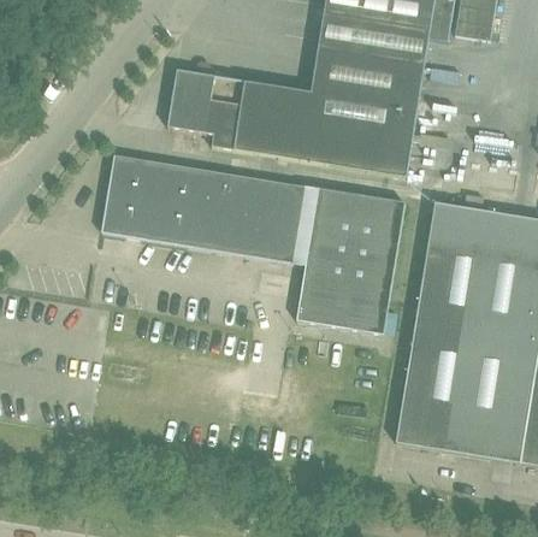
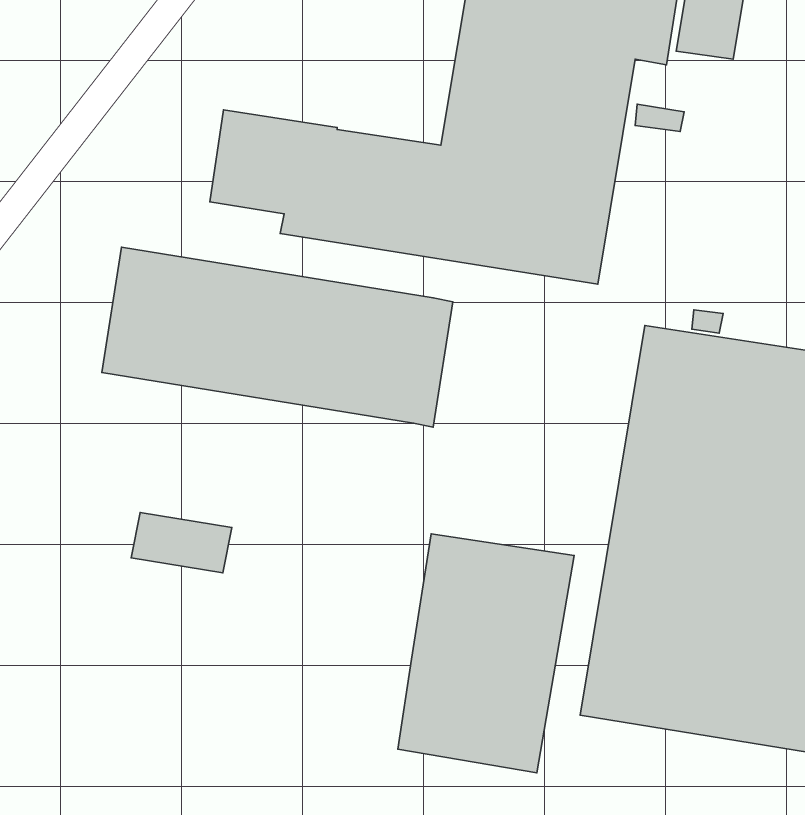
building: [297,187,406,334] -> [398,534,574,773]
building: none -> [131,512,232,573]

